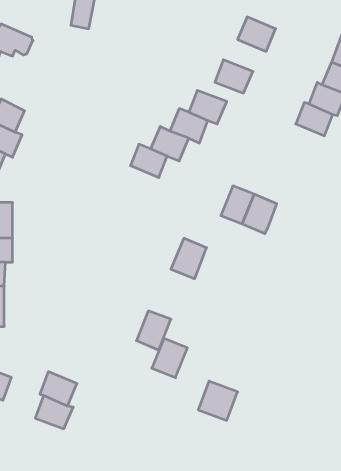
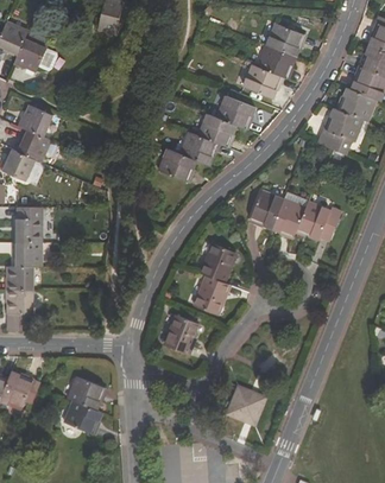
building: none -> [258,44,295,77]
building: none -> [297,201,341,241]
building: [152,338,187,378] -> [194,275,229,314]

